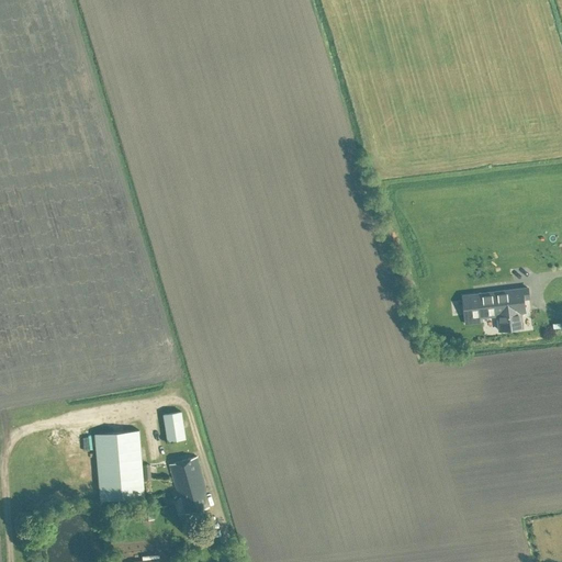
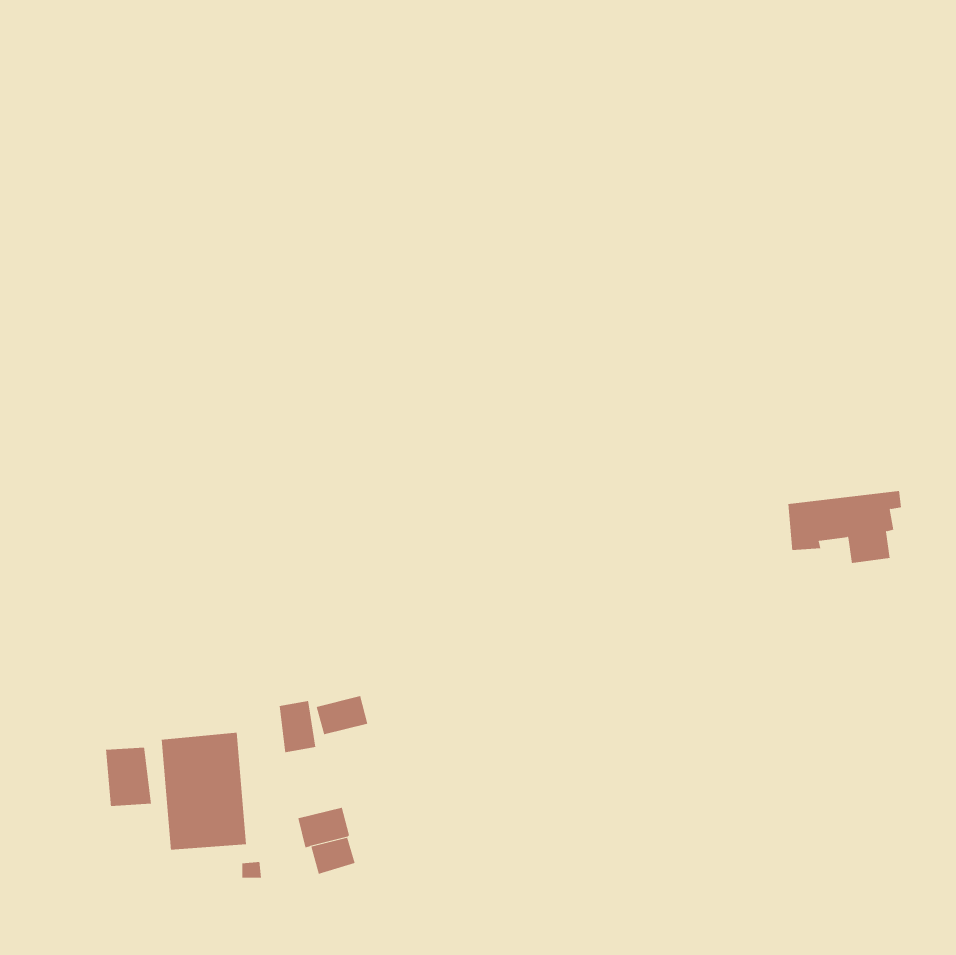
building: none -> [106,747,152,807]
building: [170,458,201,481] -> [316,696,368,735]

